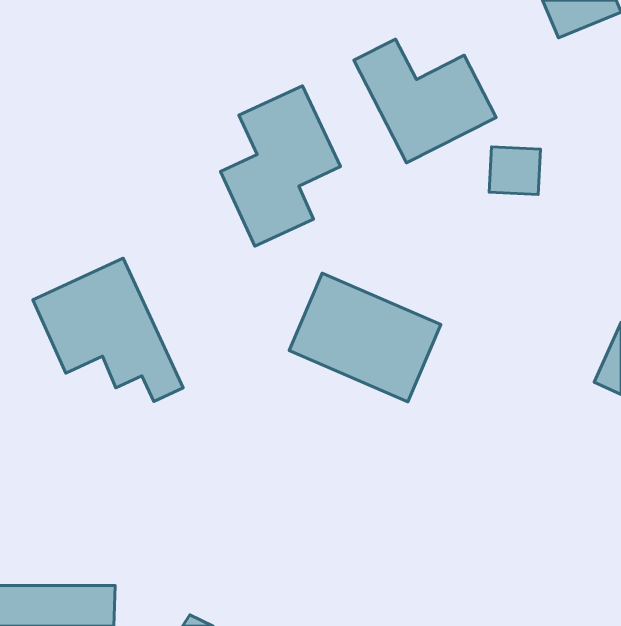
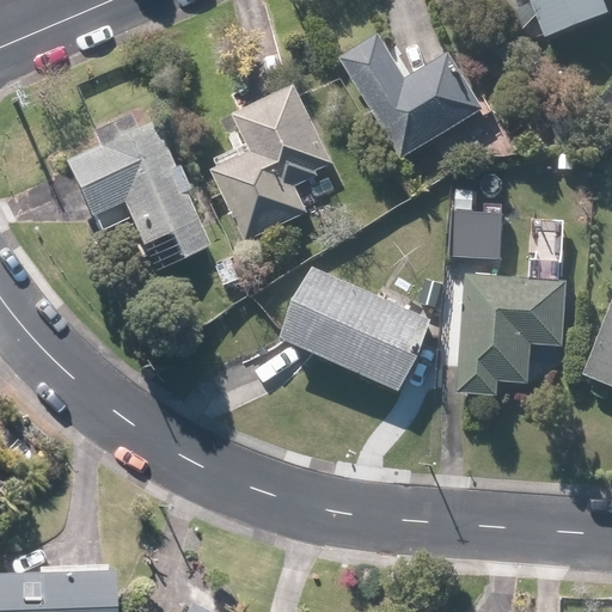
building: [489,147,541,194] -> [453,212,503,258]
building: [33,258,183,401] -> [60,118,207,258]
building: none -> [453,275,564,392]

